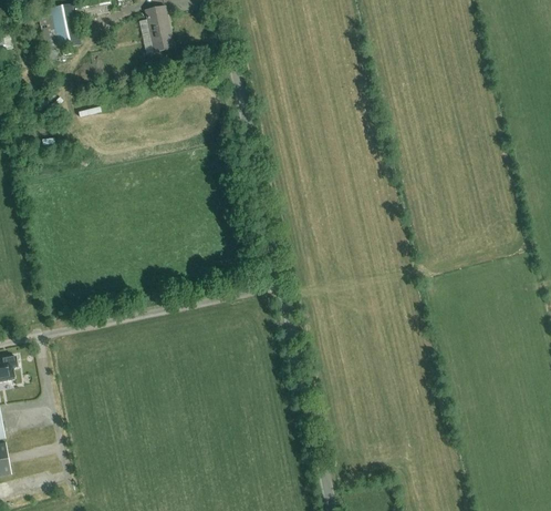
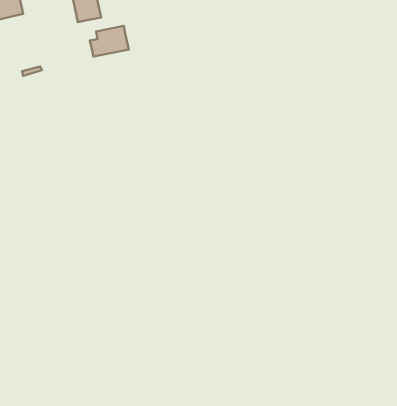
building: none -> [90,26,129,57]

